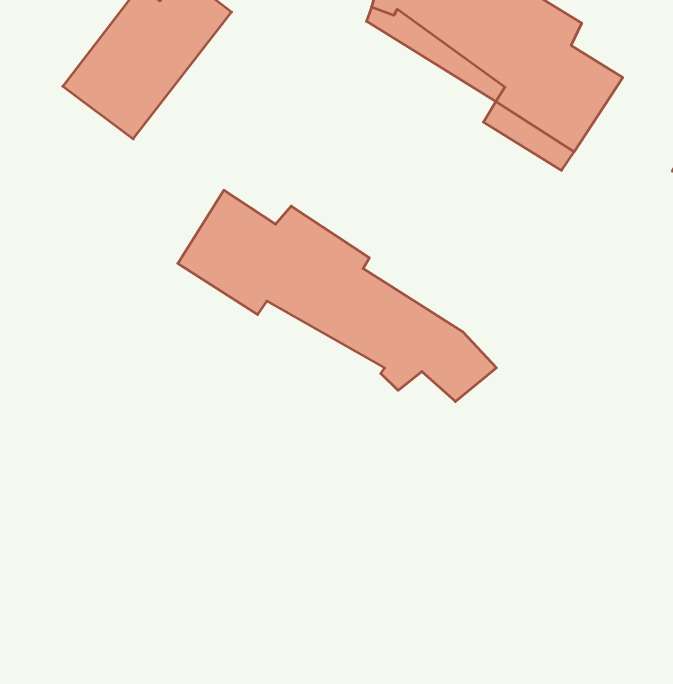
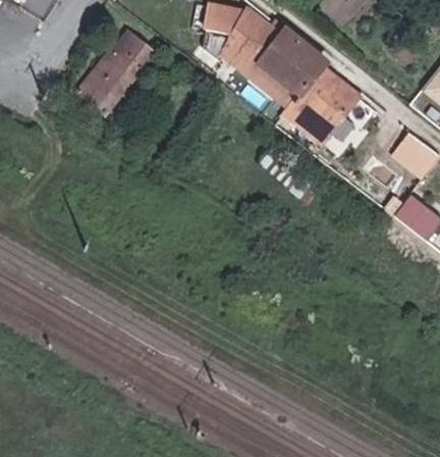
building: [178,190,496,402] -> none

